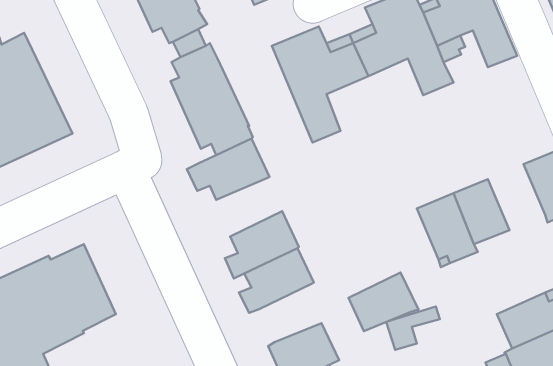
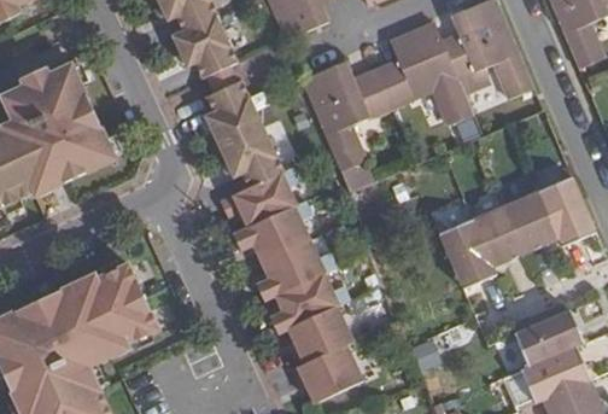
building: none -> [505,191,560,253]
building: none -> [233,204,310,260]
building: [348,272,418,331] -> [288,304,355,360]

